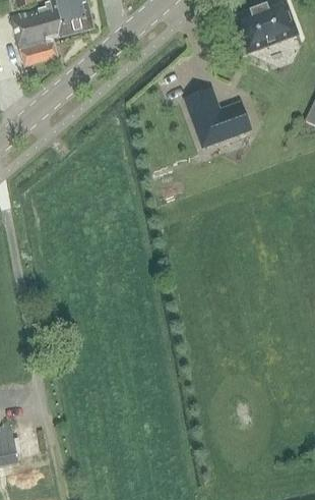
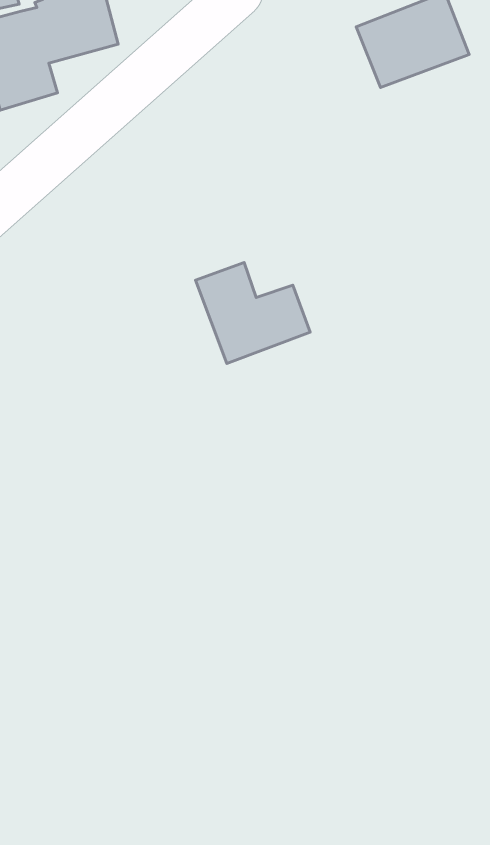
building: [183,88,250,147] -> [196,263,310,363]

